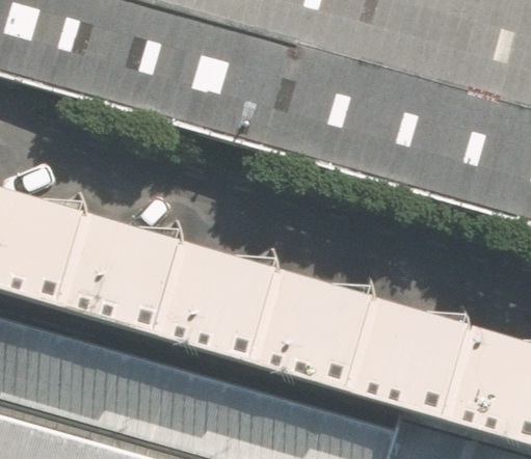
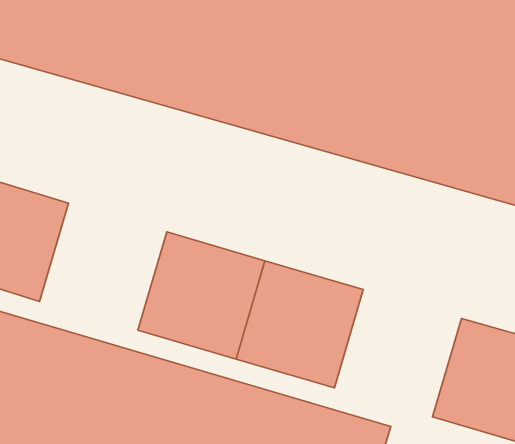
building: [54,212,178,335] -> none
building: [341,296,464,420] -> none

